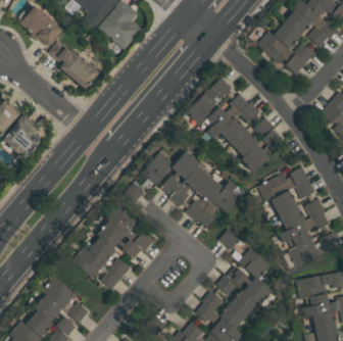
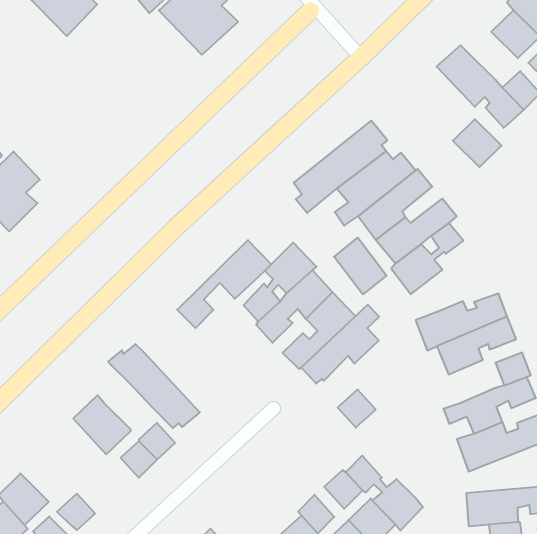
building: [273,21,300,48] -> [453,119,502,167]
building: [49,41,100,90] -> none
building: none -> [334,238,387,294]
building: [279,205,305,231] -> none
building: [107,206,153,251] -> none
building: [88,237,115,263] -> none
building: [238,248,275,286] -> none
building: [42,277,75,308] -> none

